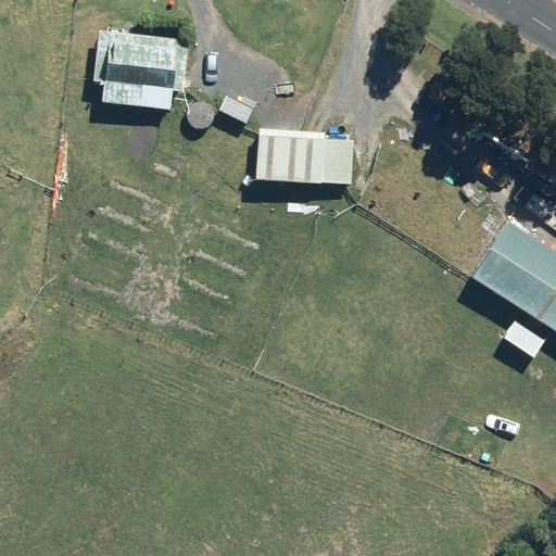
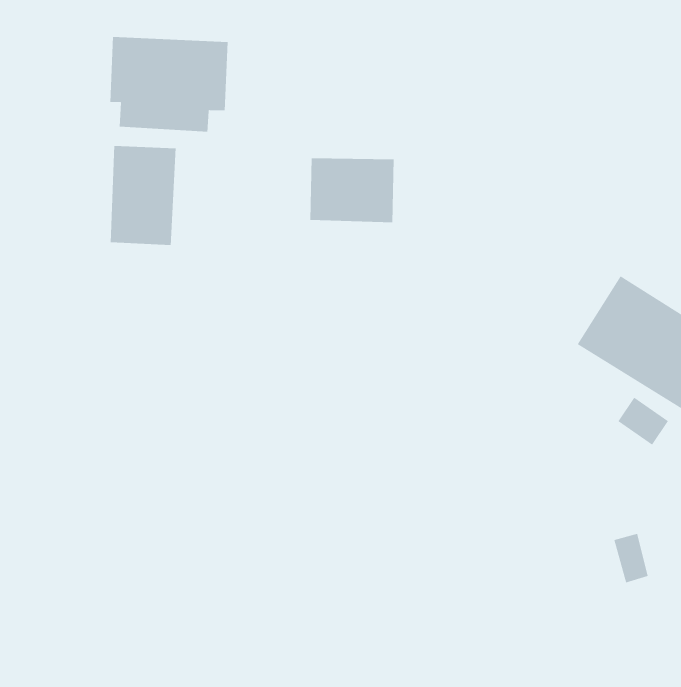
building: none -> [110,145,176,246]

